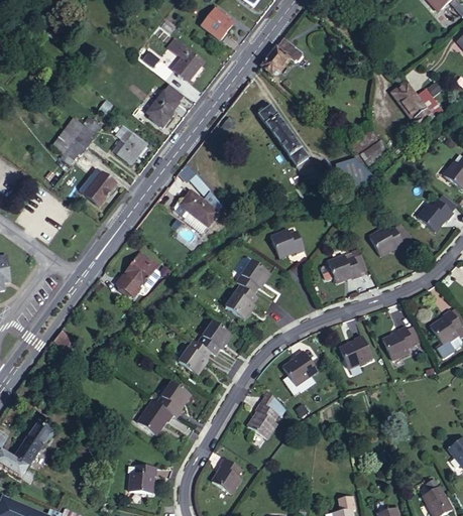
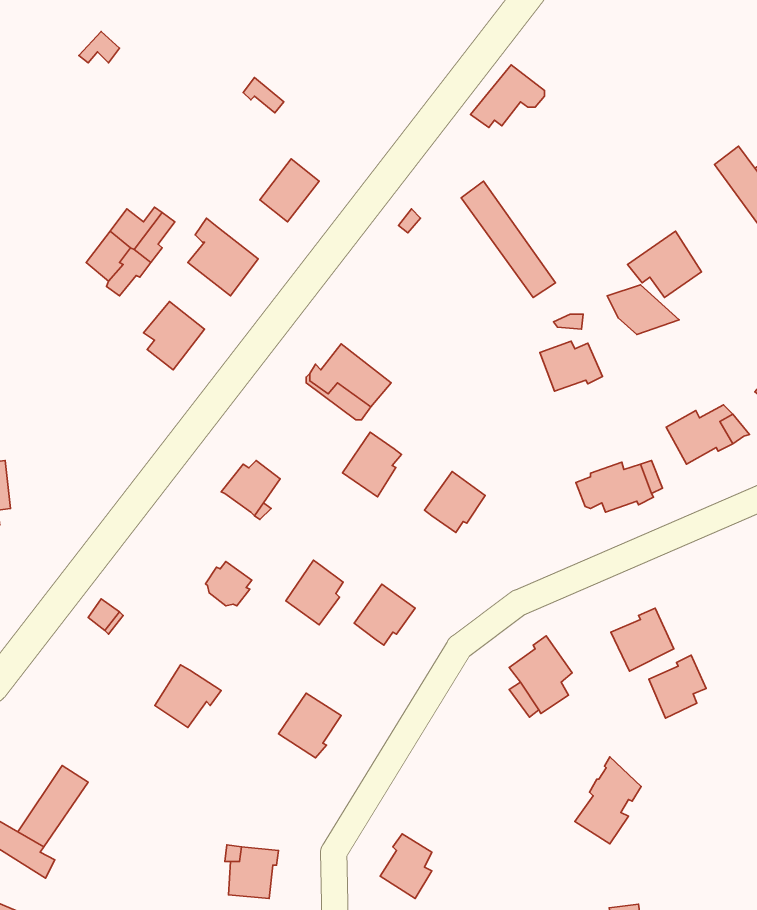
building: [202,7,234,39] -> none
building: [168,38,204,81] -> none
building: [271,230,306,257] -> [540,341,603,391]
building: [117,272,142,296] -> [206,562,252,606]
building: [226,284,258,319] -> [342,432,402,497]
building: [383,326,415,360] -> [649,655,706,718]
building: [180,340,211,375] -> [286,560,343,625]
building: [248,390,284,437] -> [575,757,641,844]
building: [138,400,175,434] -> [155,665,221,728]

